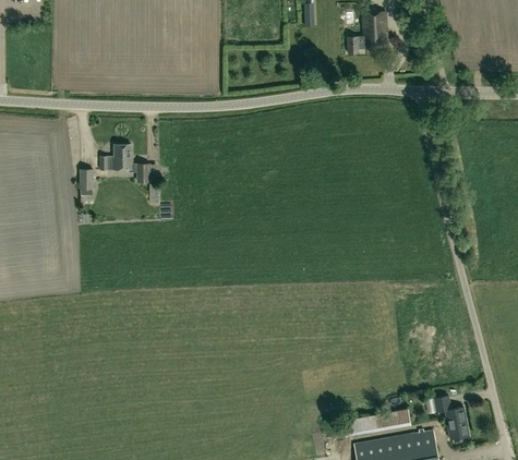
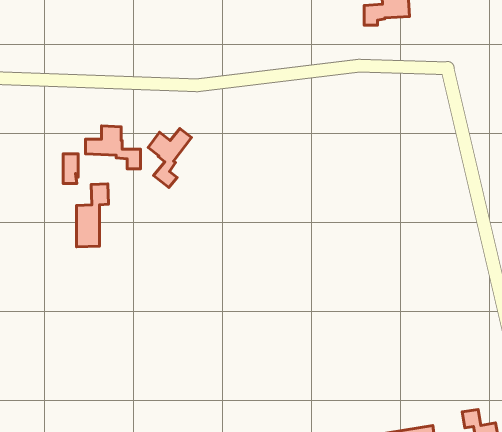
building: none -> [148,129,191,188]
building: none -> [77,184,108,247]

